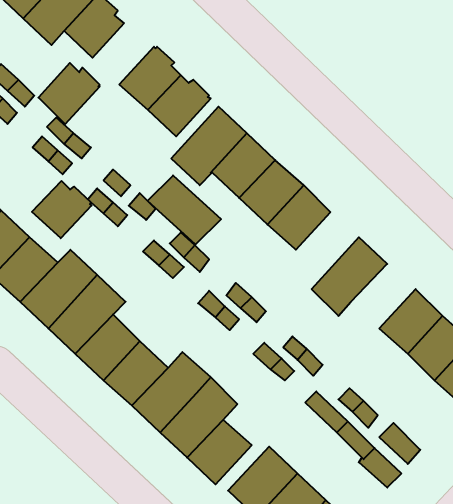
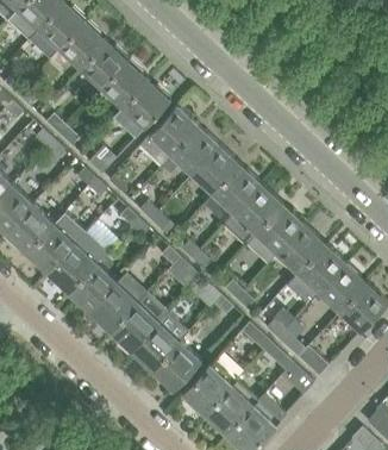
building: [38,63,100,124] -> [81,43,127,89]
building: [148,175,221,244] -> none
building: [32,181,92,238] -> none
building: none -> [224,186,282,244]
building: none -> [276,225,325,274]

